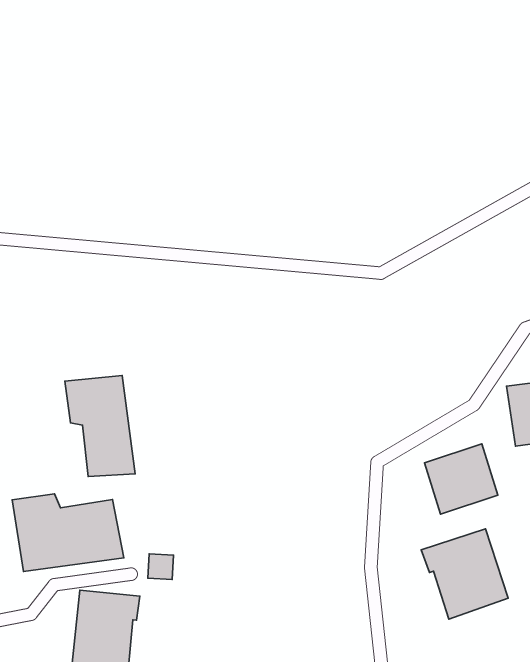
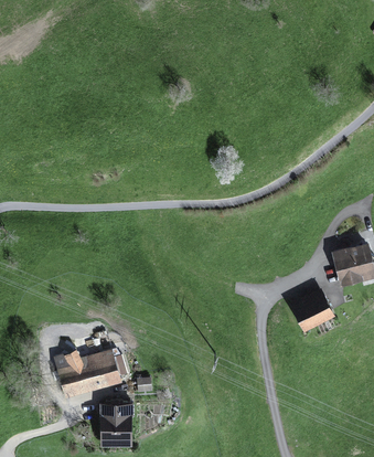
building: [65,376,135,477] -> none
building: [421,529,508,619] -> none

